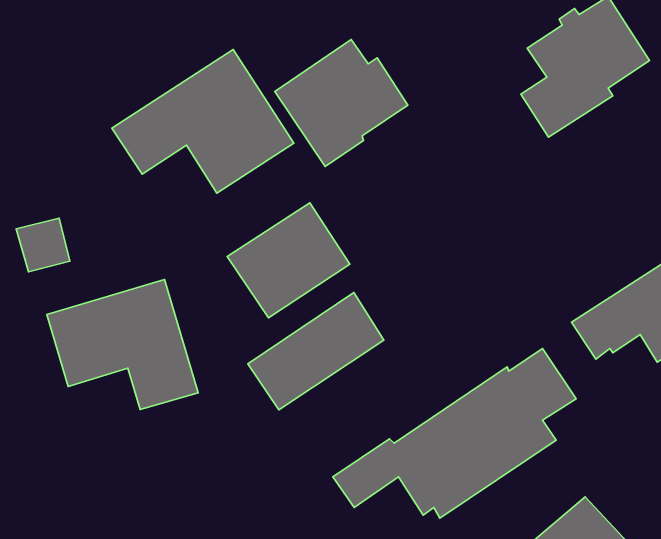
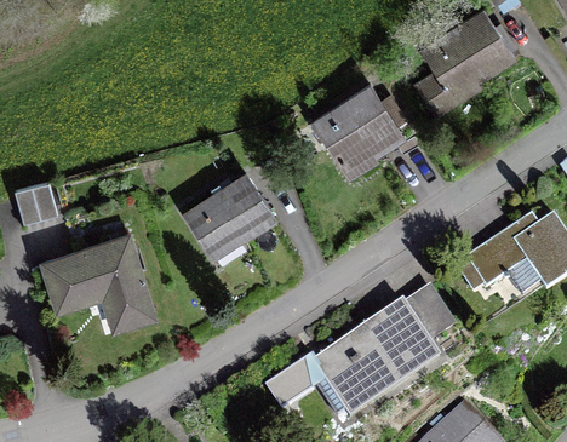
building: [275,39,408,167] -> [310,79,416,179]
building: [112,49,294,193] -> none
building: [248,292,384,410] -> none

